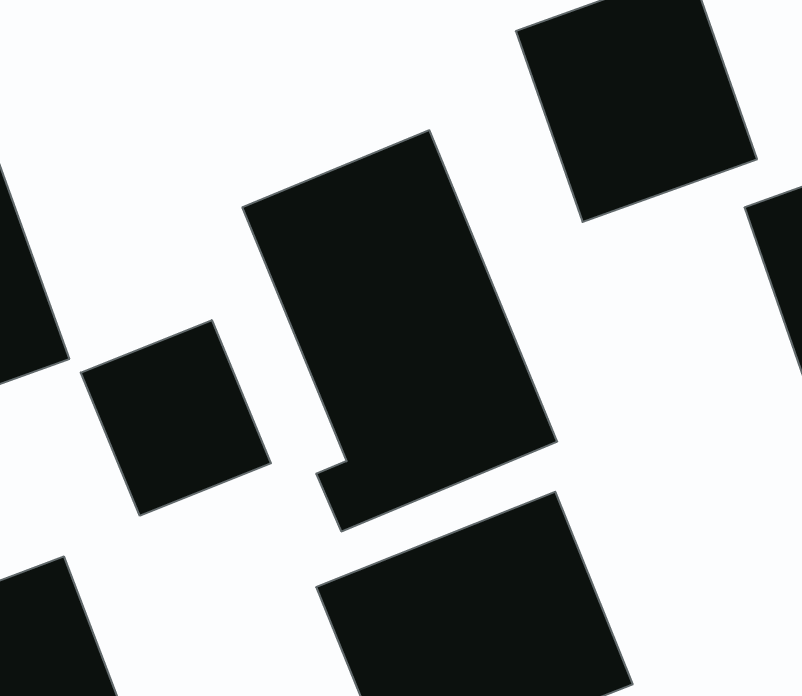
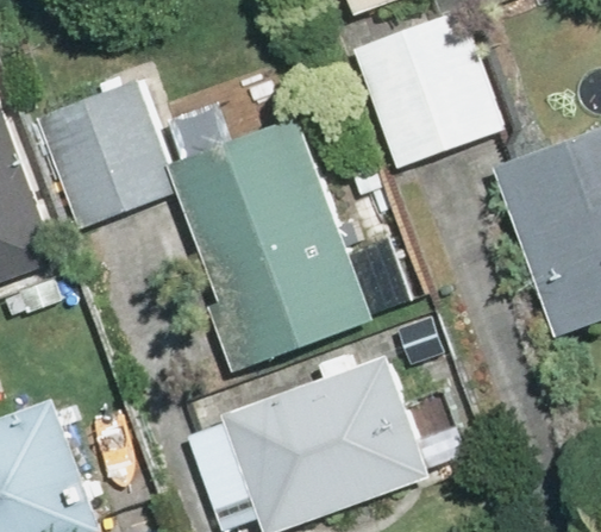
building: none -> [30,65,168,233]
building: [81,320,271,516] -> none

